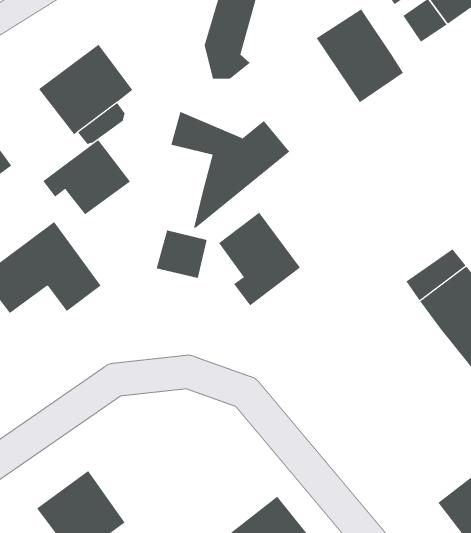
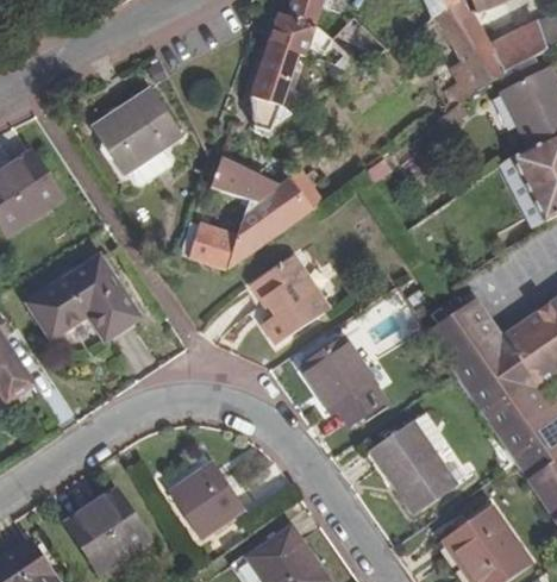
building: [316,9,404,103] -> none
building: [42,139,131,215] -> none
building: [156,230,208,279] -> [189,219,239,267]
building: none -> [300,339,386,424]
building: none -> [374,408,458,511]
building: none -> [170,461,243,536]

